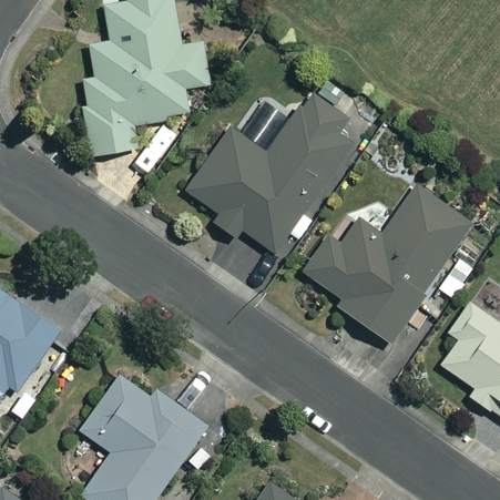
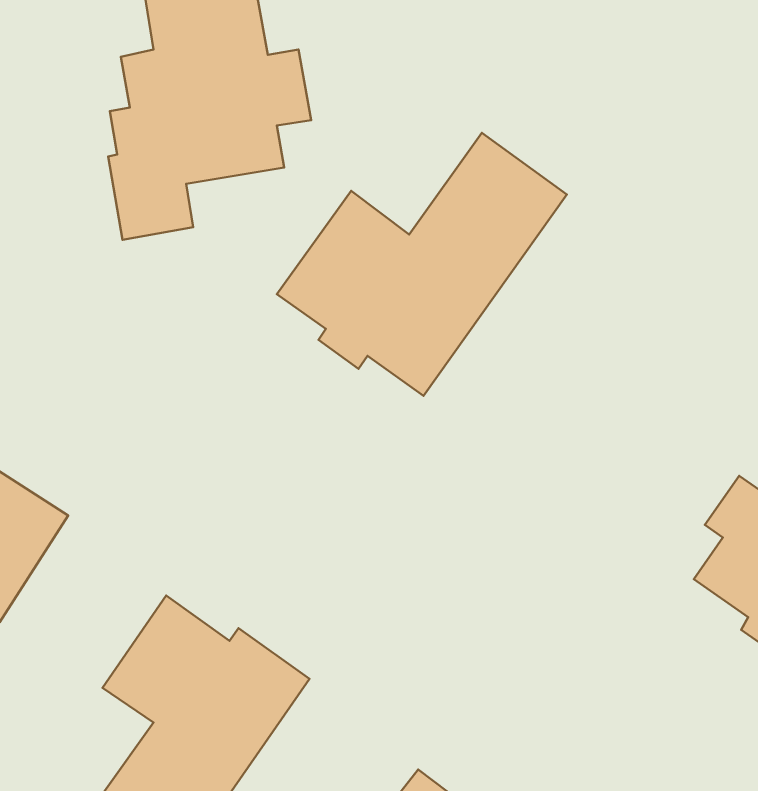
building: [305,185,472,341] -> none

